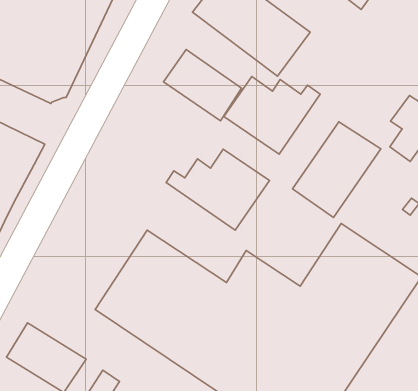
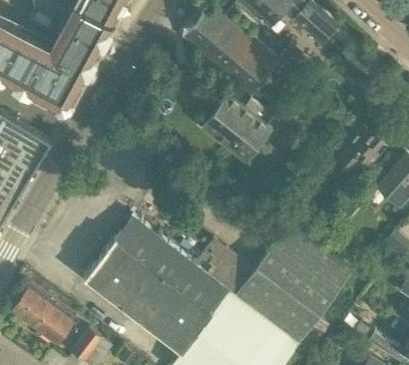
building: [164,50,241,121] -> none
building: [292,122,381,218] -> none
building: [166,149,269,230] -> none

